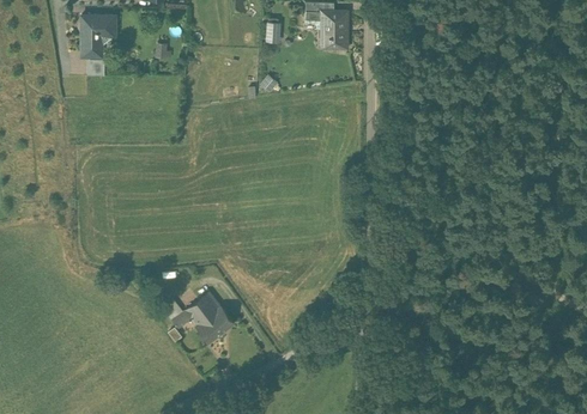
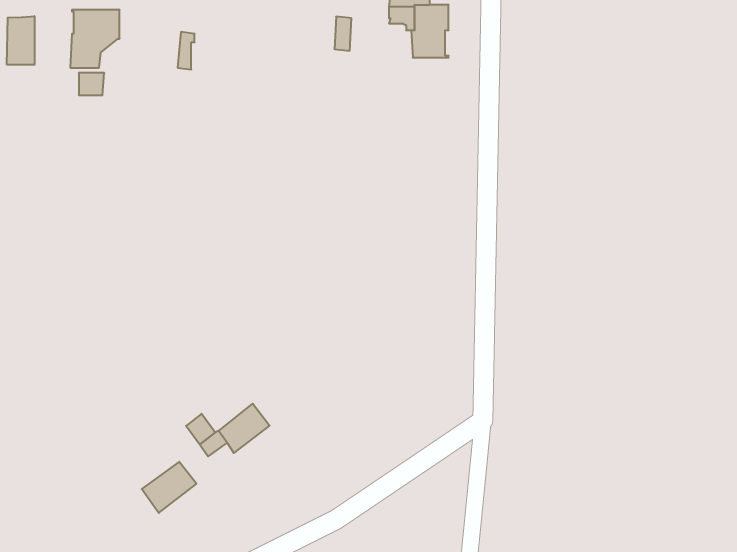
building: none -> [7,16,35,65]
building: [196,306,235,342] -> [142,462,196,513]

